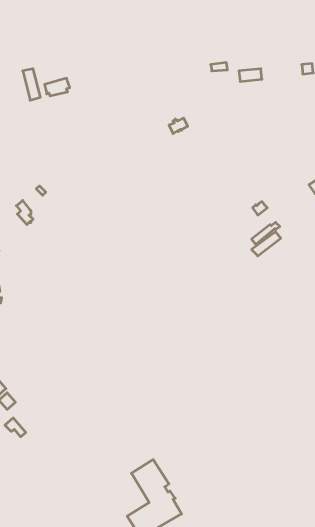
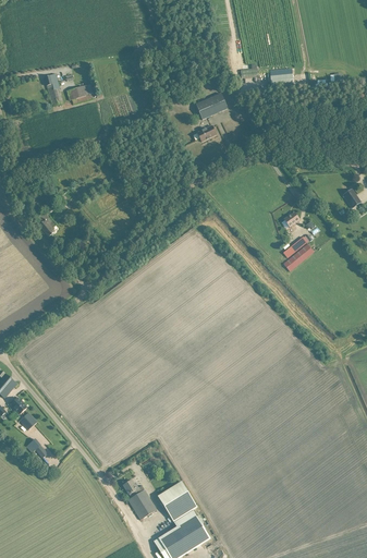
building: none -> [196,93,228,119]
building: none -> [123,480,157,520]

